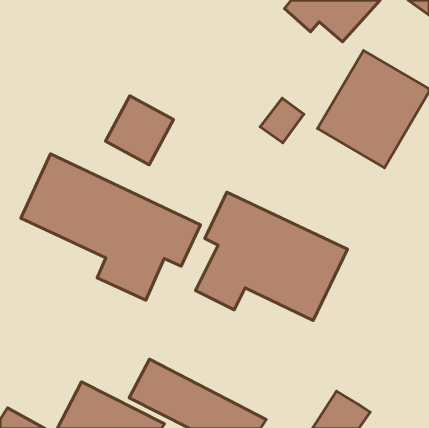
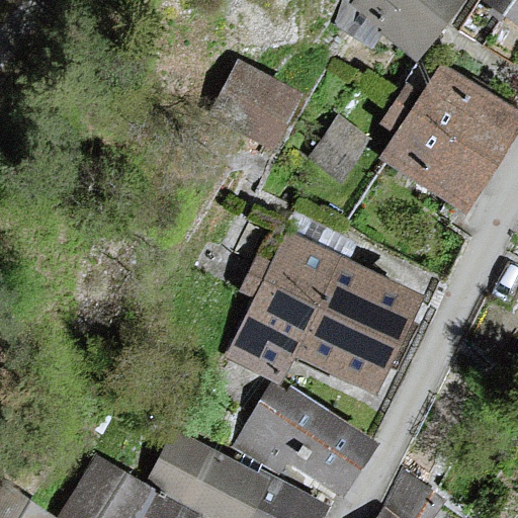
building: [106,96,174,165] -> [215,64,297,147]
building: [21,154,201,300] -> none
building: none -> [243,384,367,491]

